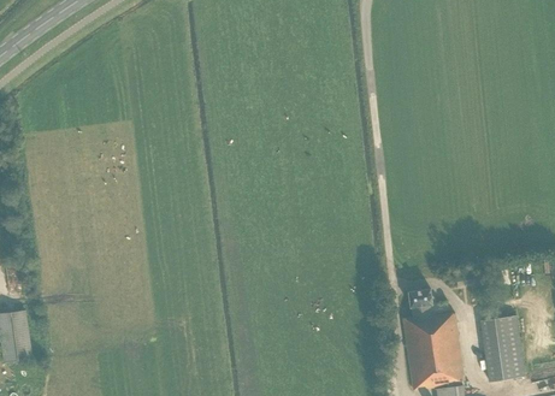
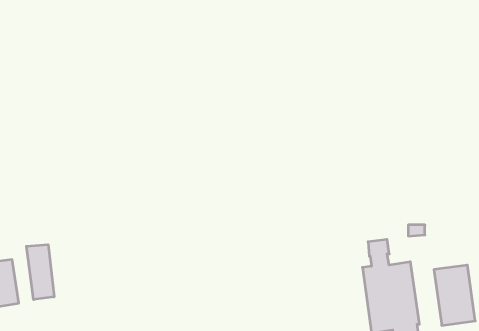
building: none -> [26,245,54,300]

